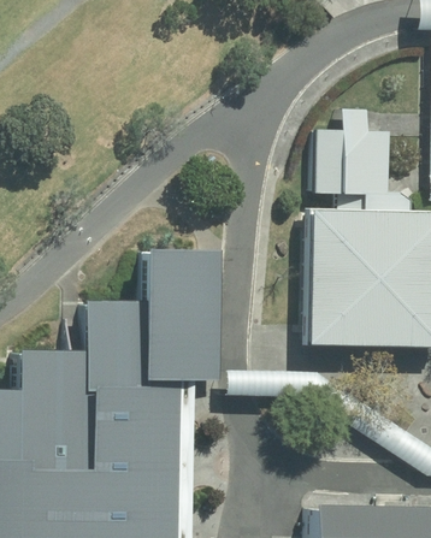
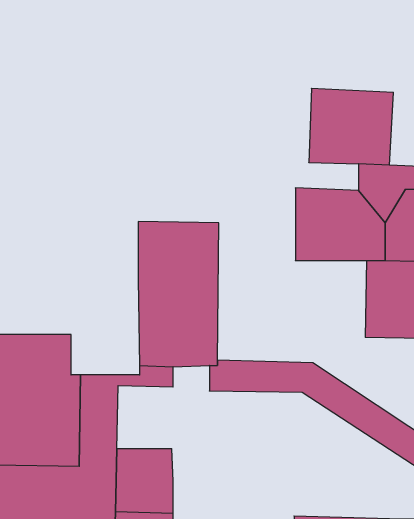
building: [302,279,367,348] -> none
building: [102,296,164,382] -> none
building: [143,391,194,448] -> none

